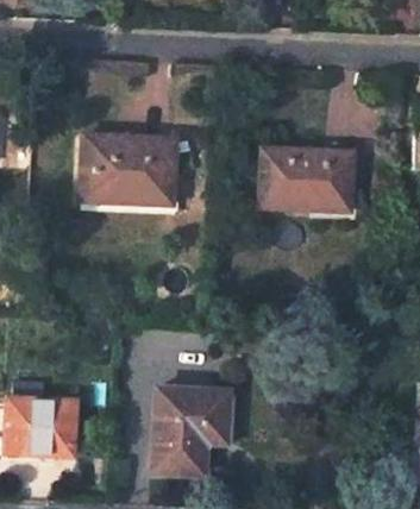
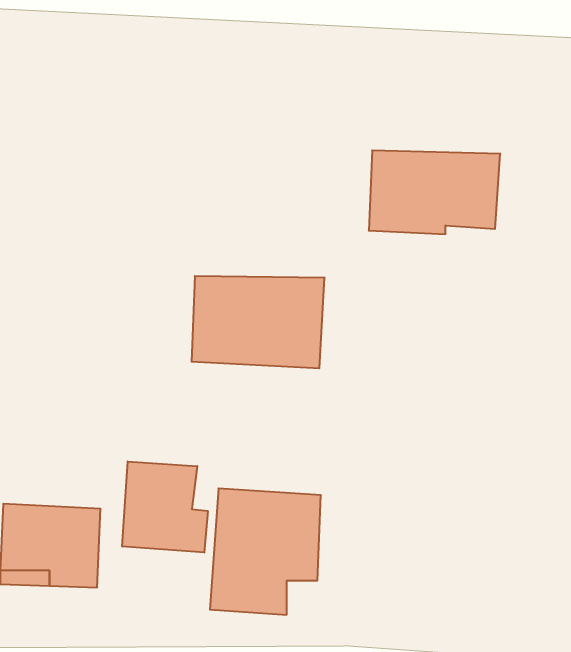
building: [80,139,173,203] -> [191,276,325,368]
building: none -> [122,461,208,553]

